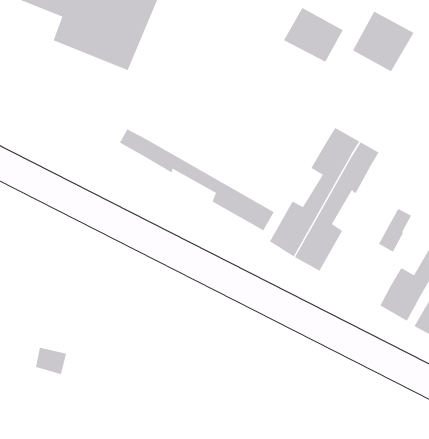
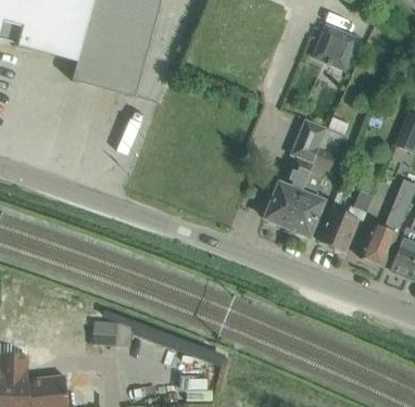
building: [283,7,343,62] -> none
building: [119,128,275,231] -> none
building: none -> [318,207,357,251]

